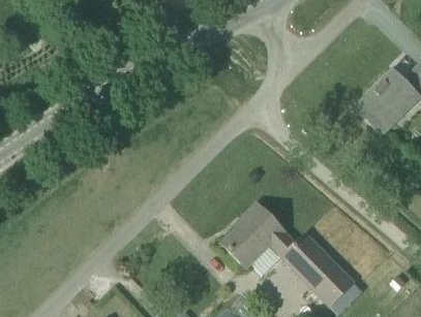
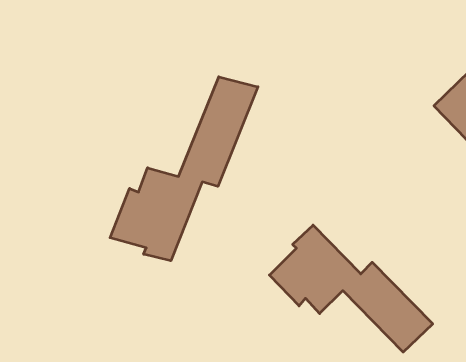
building: none -> [110,77,258,261]

